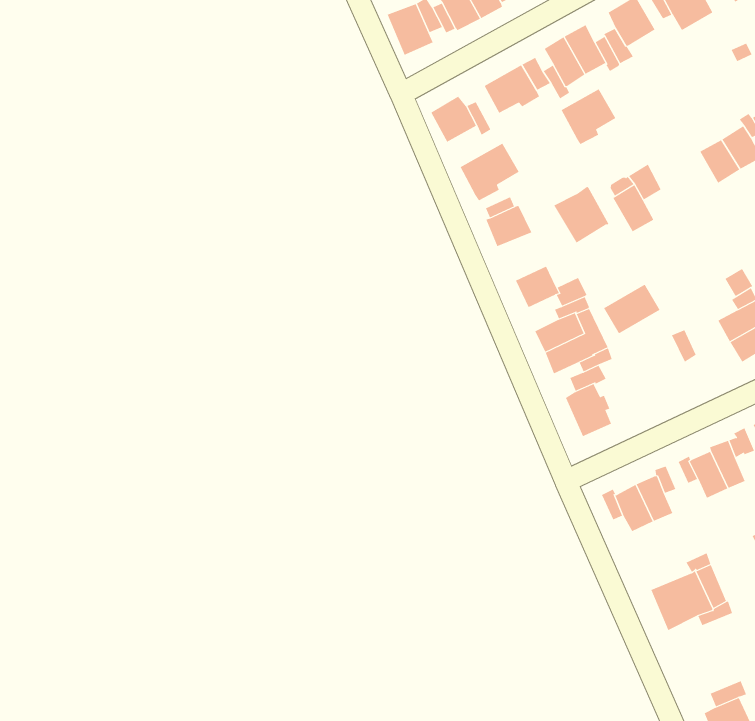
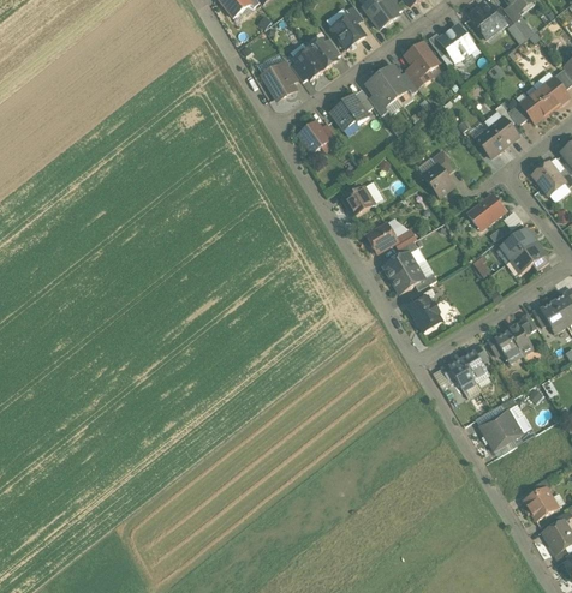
building: [561,88,616,145] -> none
building: [460,143,519,201] -> none
building: [553,186,610,244] -> none
building: [603,284,660,334] -> [467,193,505,228]

